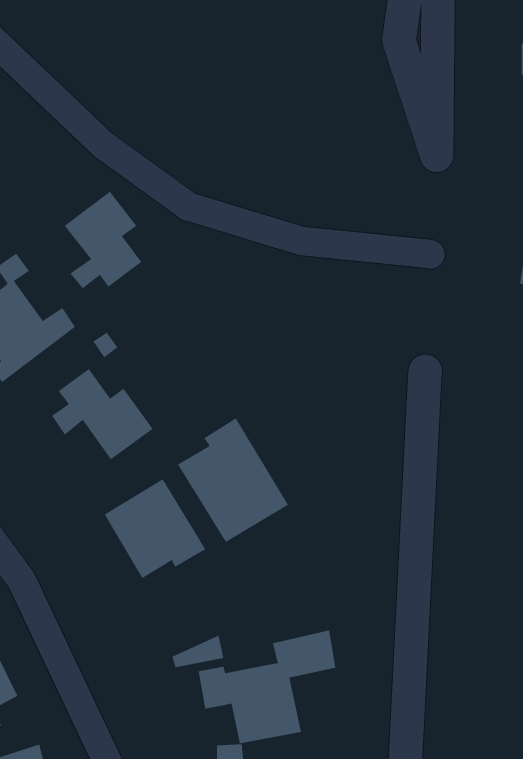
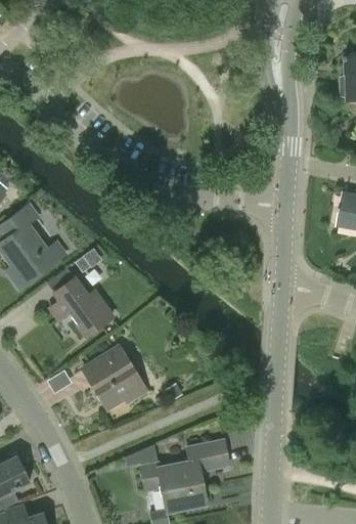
building: [64,191,142,289] -> none
building: [177,417,289,543] -> none

